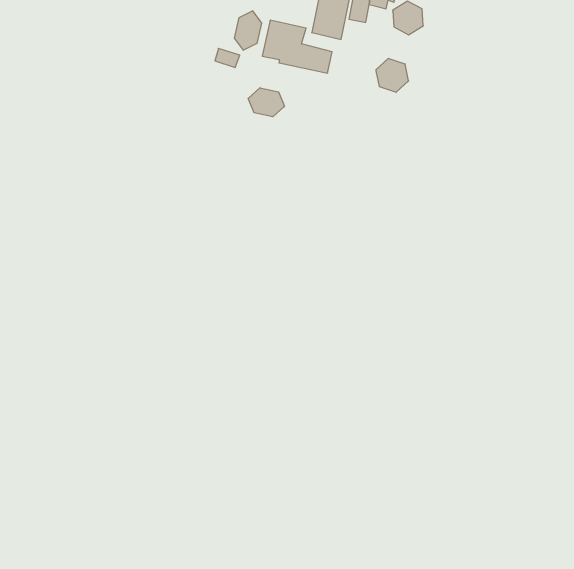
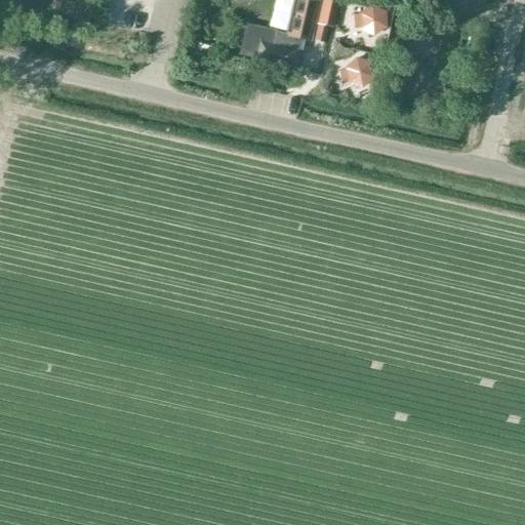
building: [235,11,261,50] -> none
building: [248,88,285,117] -> none

